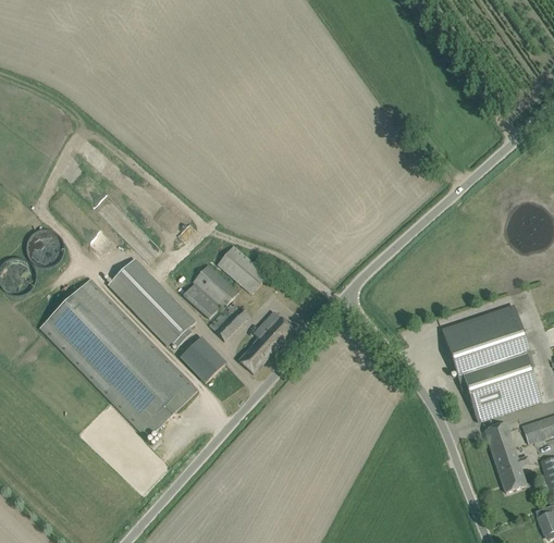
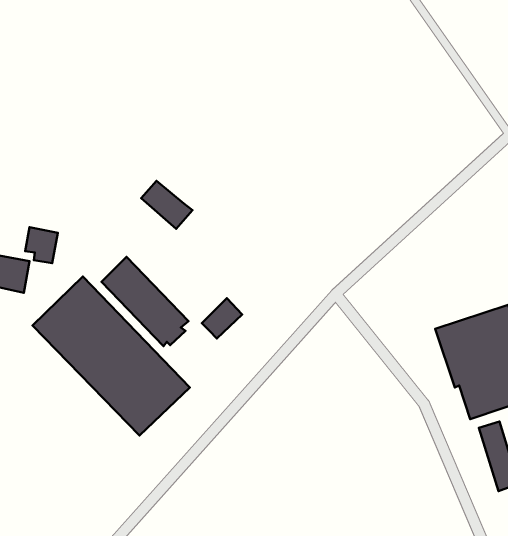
building: [217,245,268,293] -> [141,181,192,229]
building: [183,263,238,319] -> none
building: [238,311,294,373] -> none
building: [180,335,225,382] -> none

